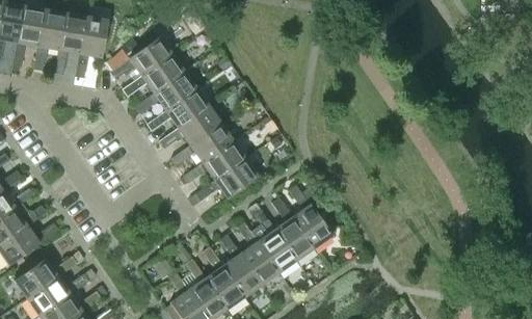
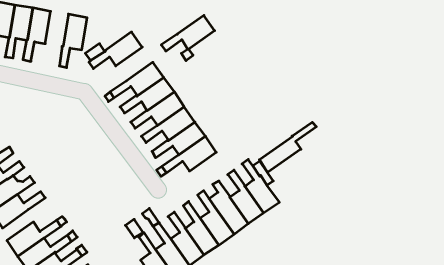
building: [53,14,84,75] -> none
building: [121,55,183,97] -> [161,15,215,51]
building: none -> [259,122,316,173]

